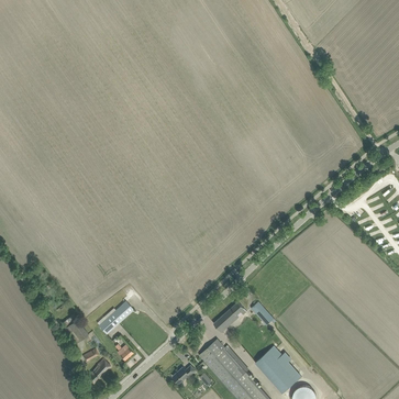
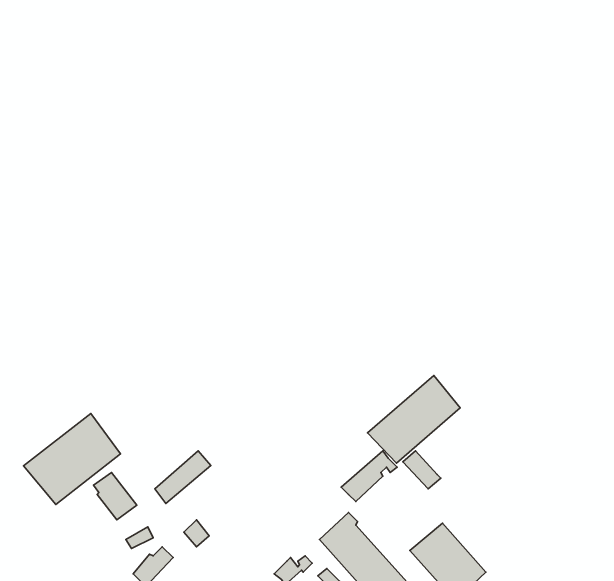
building: none -> [368,375,460,463]
building: none -> [24,413,121,504]

